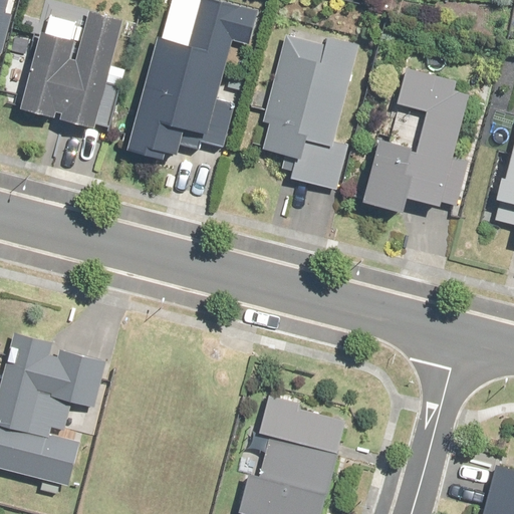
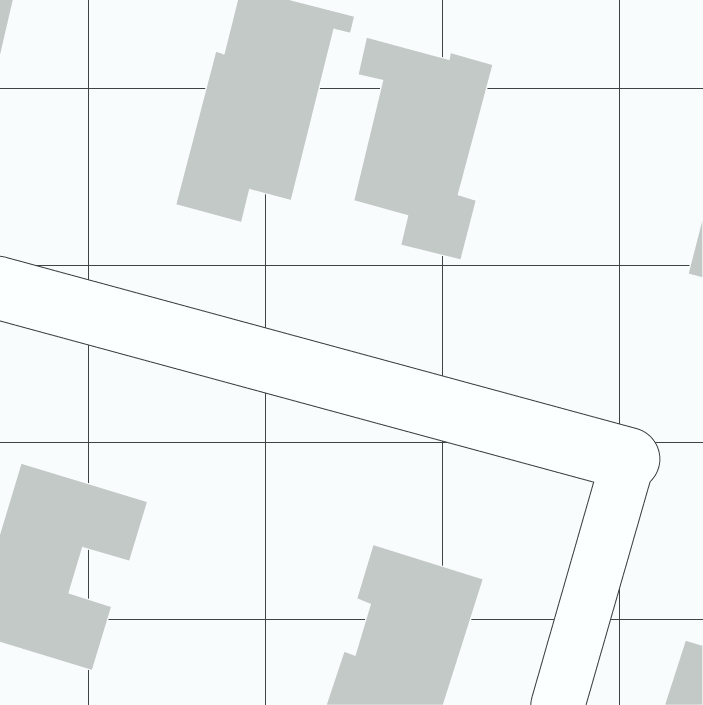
building: [20,14,124,130] -> none
building: [364,70,472,212] -> none

